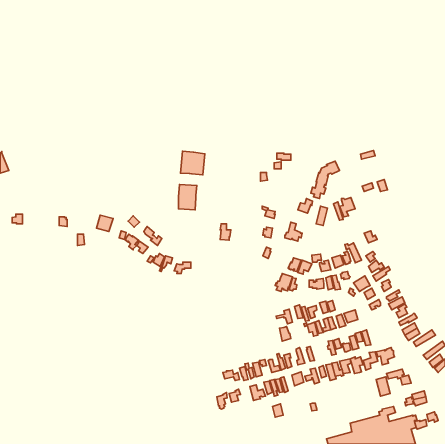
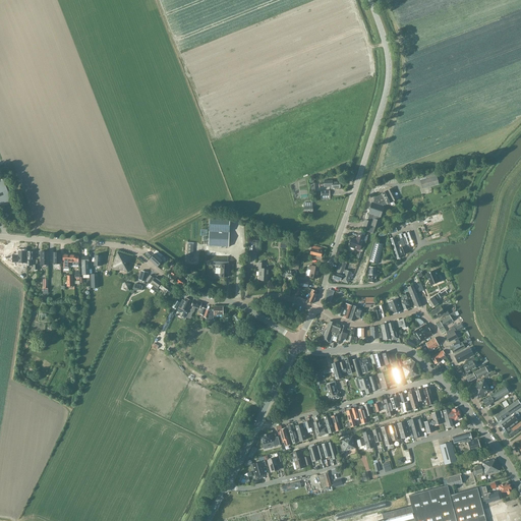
building: [180,151,205,175] -> none

